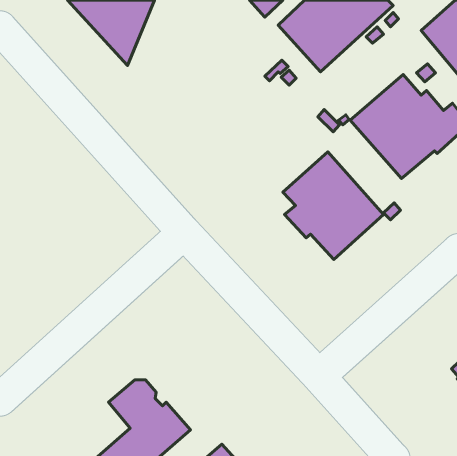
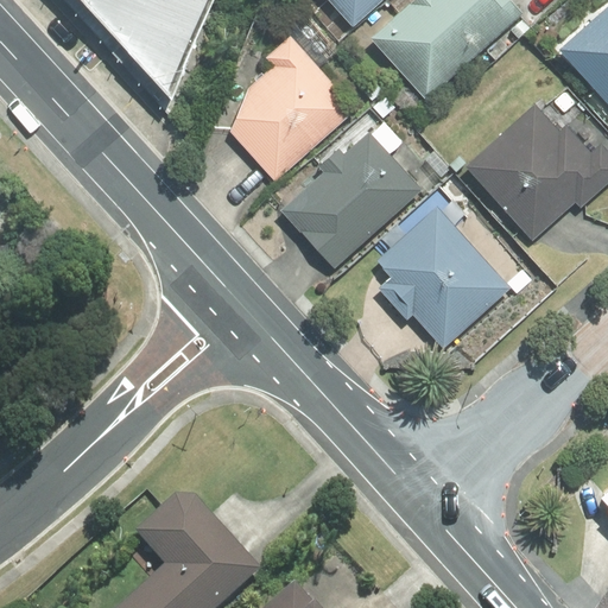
building: none -> [232,33,349,182]
building: none -> [280,129,422,267]

